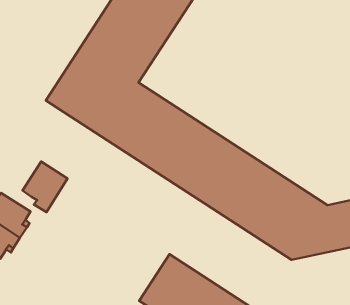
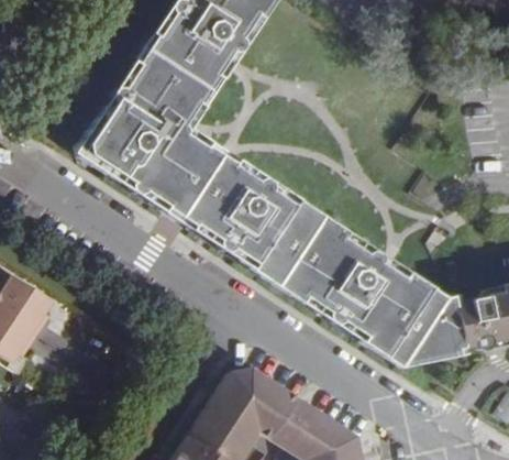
building: [22,162,68,212] -> none

